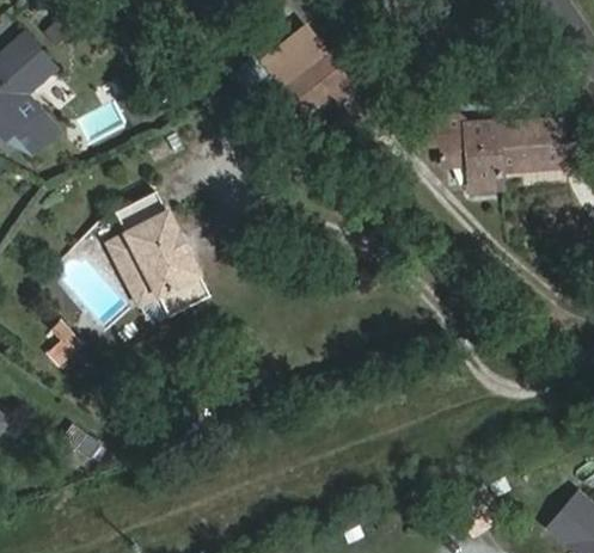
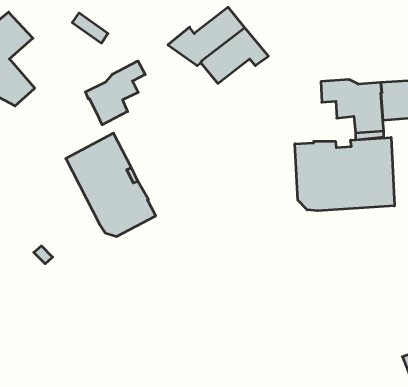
building: none -> [85,61,145,125]
building: none -> [295,137,394,211]

